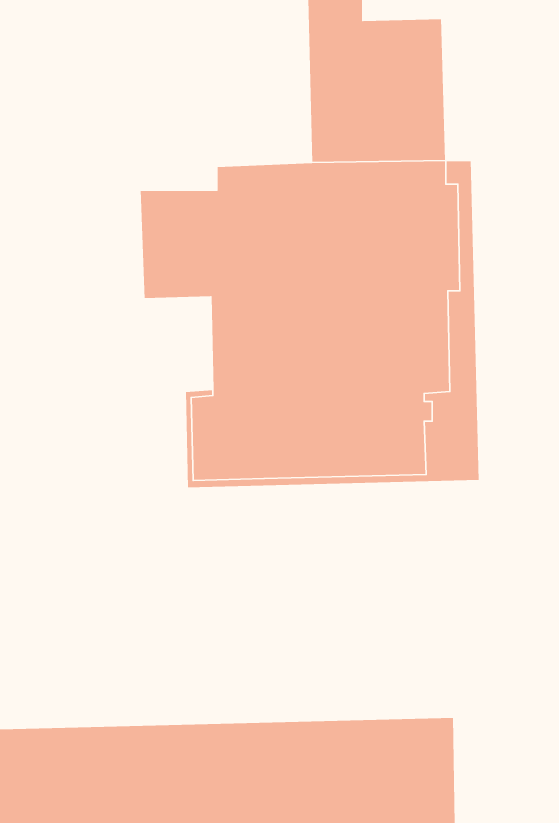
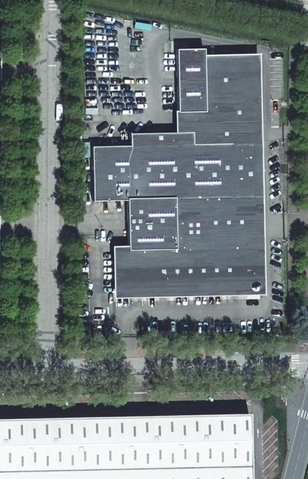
building: none -> [205,57,260,131]

